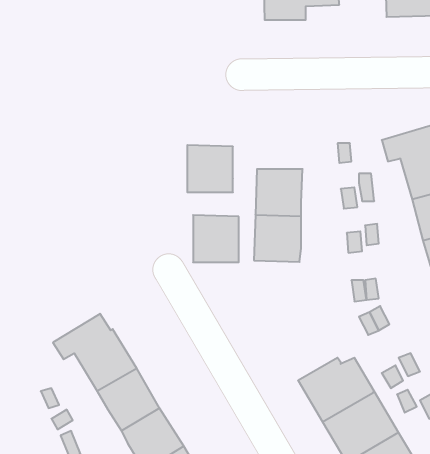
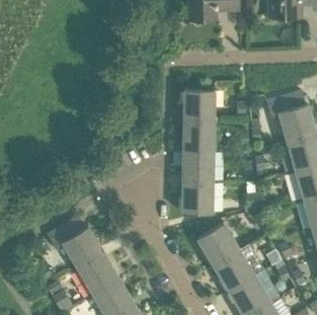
building: [187,145,233,192] -> [183,90,214,122]
building: [193,215,239,262] -> [181,182,212,214]
building: none -> [196,224,237,262]

